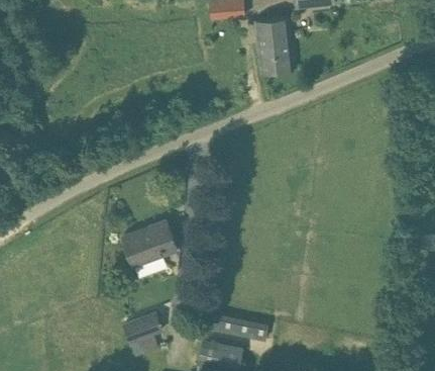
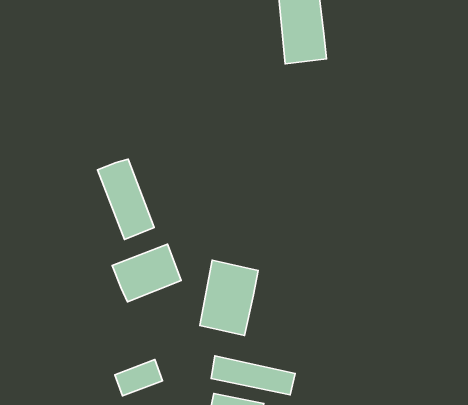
building: none -> [98,159,154,239]
building: none -> [200,260,258,335]

